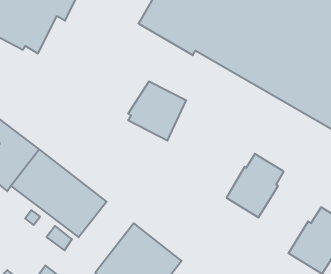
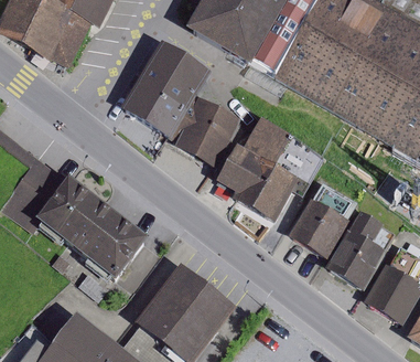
building: none -> [121,42,213,139]
building: none -> [217,114,324,223]
building: none -> [327,211,396,288]

